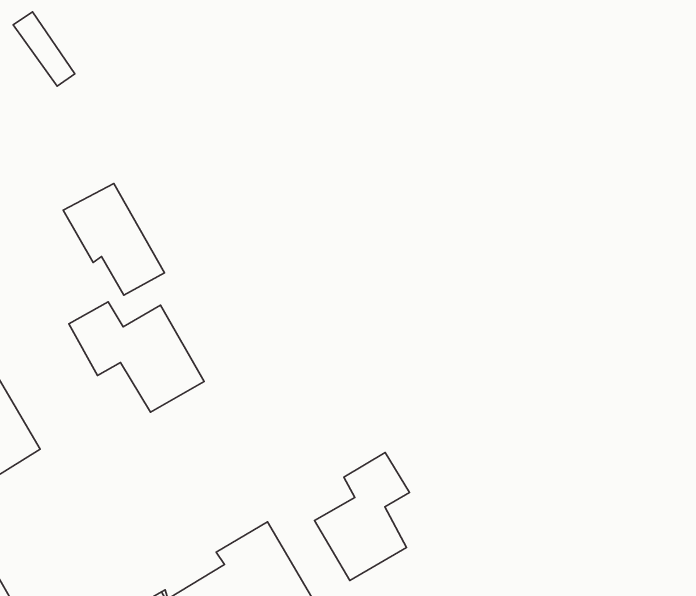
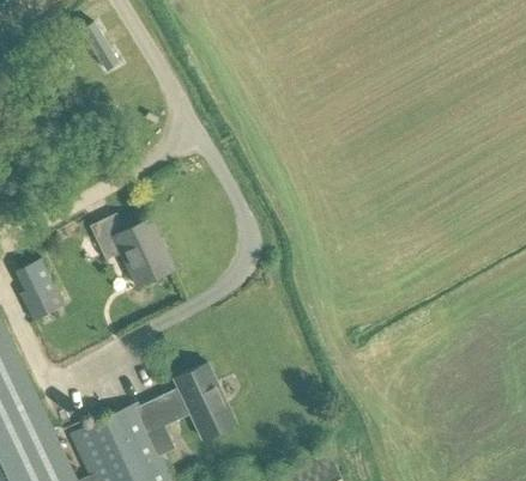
building: [63,183,164,295] -> none
building: [315,453,410,581] -> none

